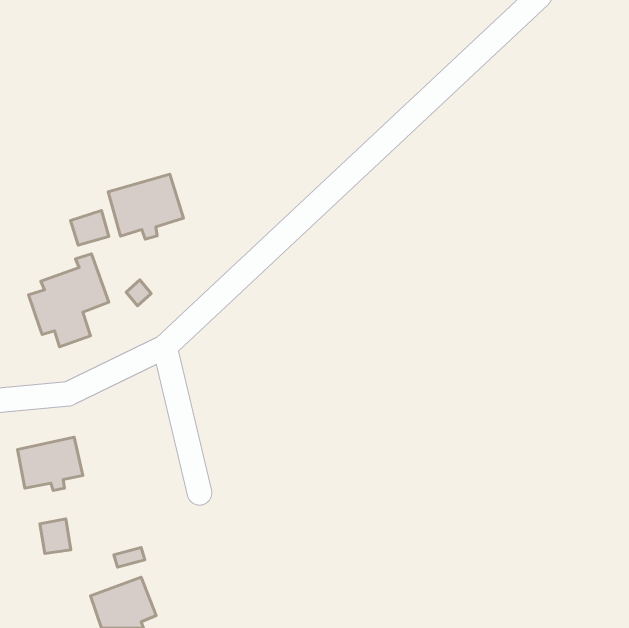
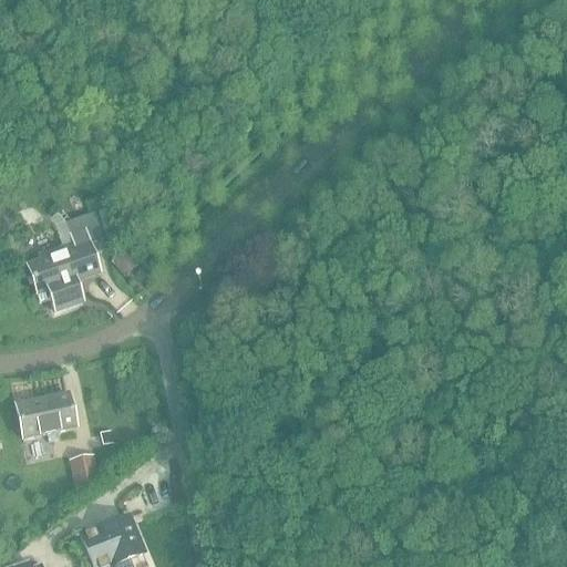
building: [108,174,183,239] -> none
building: [40,519,71,553] -> [72,451,100,482]

